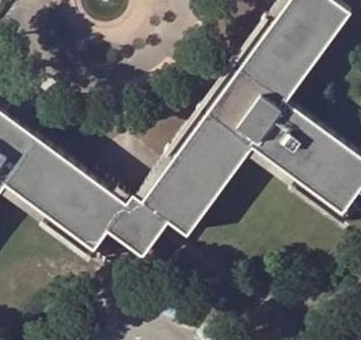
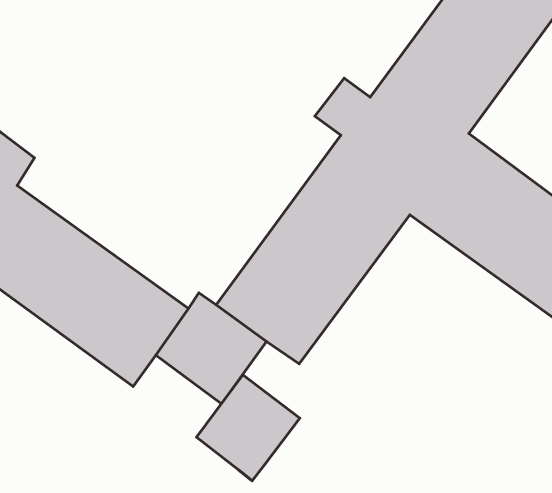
building: none -> [197,375,300,481]

